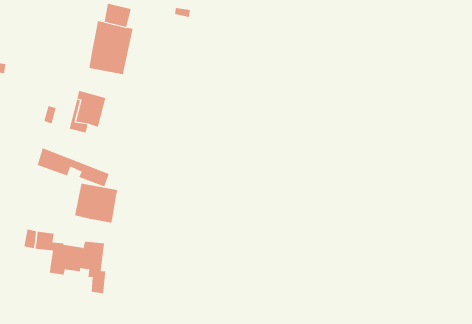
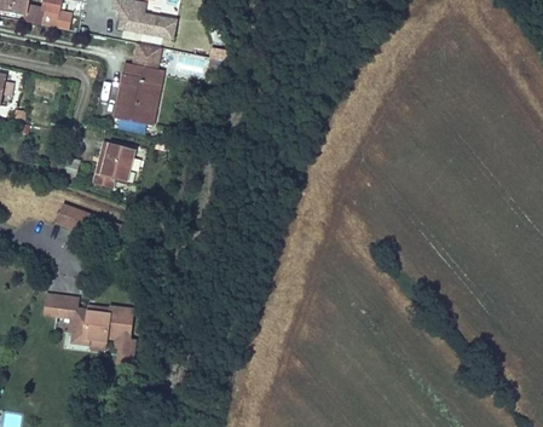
building: [74,183,118,224] -> none

